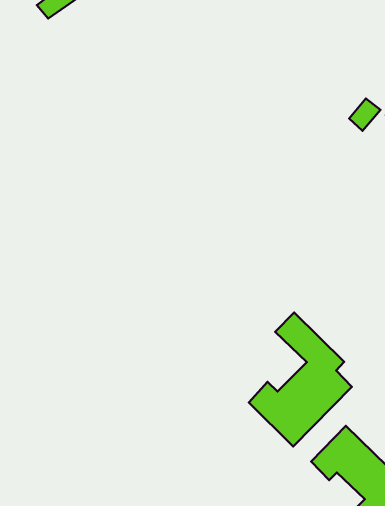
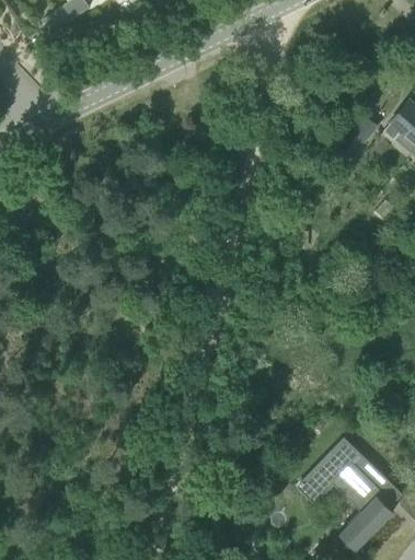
building: [249,312,352,447] -> none

